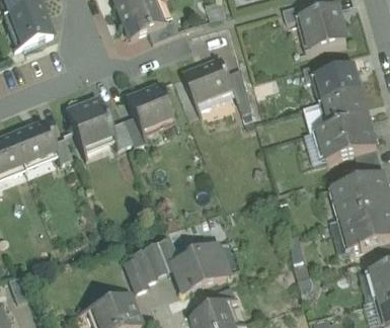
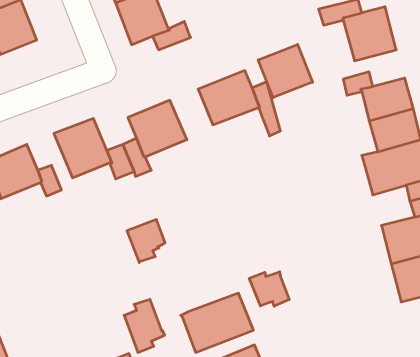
building: none -> [258,44,313,98]
building: none -> [249,272,289,306]
building: [144,238,175,273] -> [127,220,165,263]

